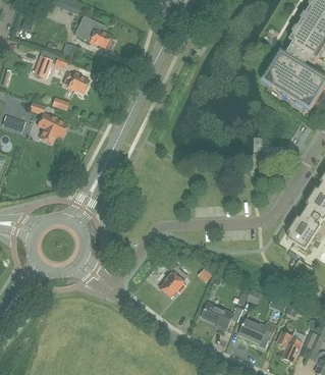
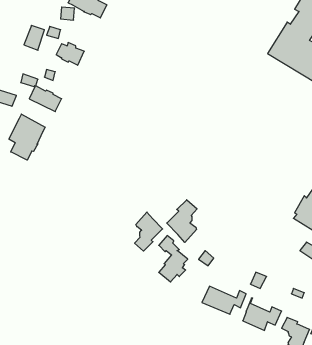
building: none -> [9,114,45,160]
building: none -> [167,200,197,242]
building: none -> [135,212,163,251]

